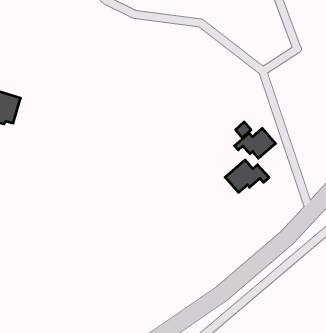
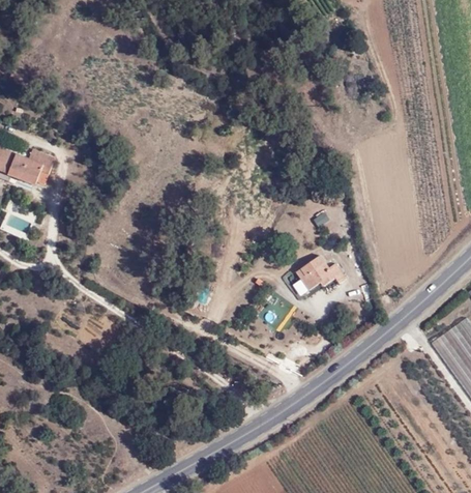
building: [234,128,276,158] -> none

